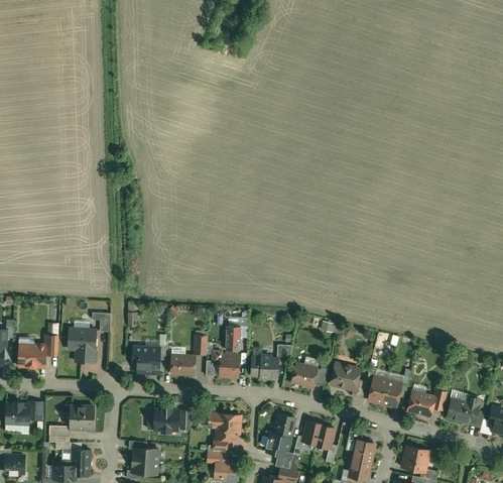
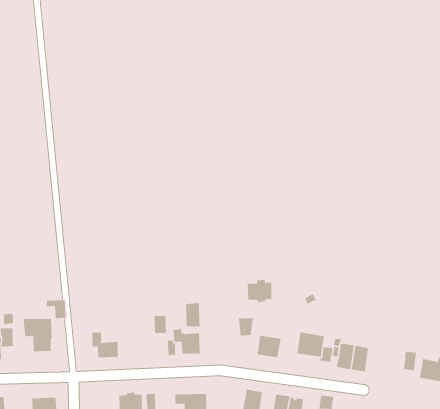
building: [171,355,196,373] -> none
building: [252,355,277,377] -> [247,279,272,303]
building: [408,391,435,414] -> none

